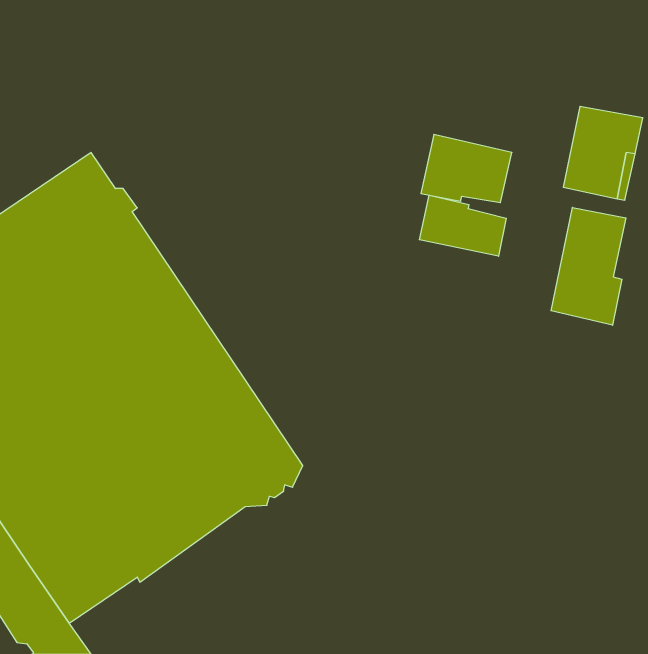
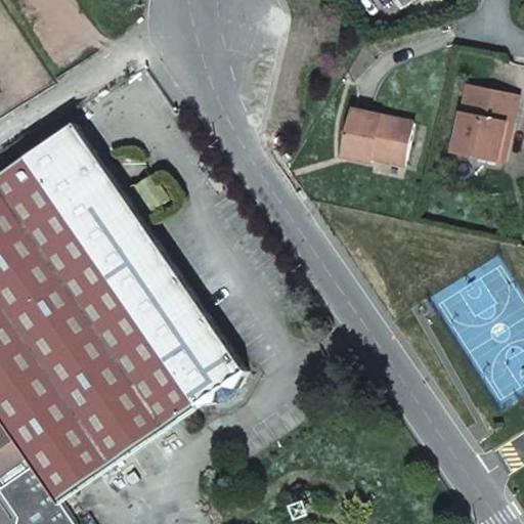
building: [419,195,506,256] -> none
building: [551,207,626,325] -> none

